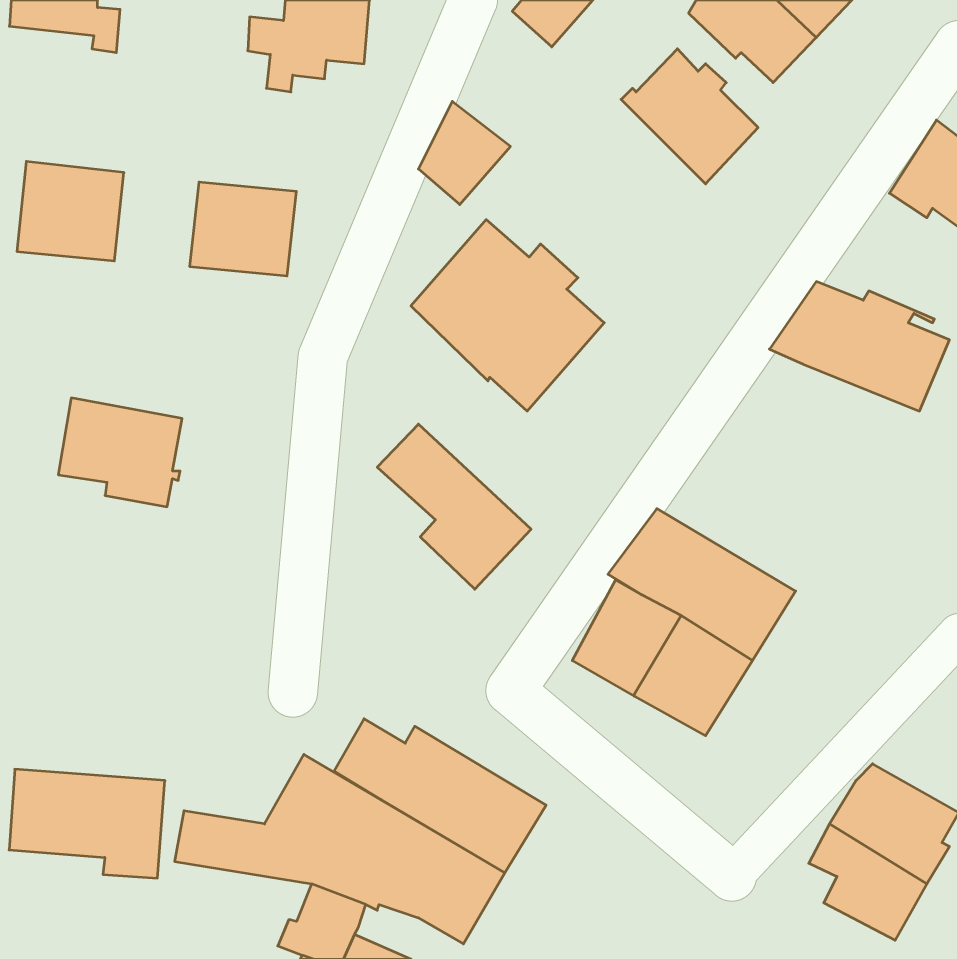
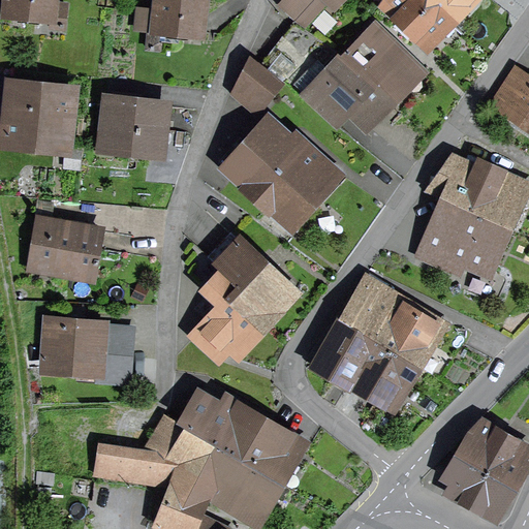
building: none -> [304,55,390,125]
building: none -> [419,200,507,274]
building: none -> [194,271,262,359]
building: [9,769,165,878] -> [46,322,132,382]

